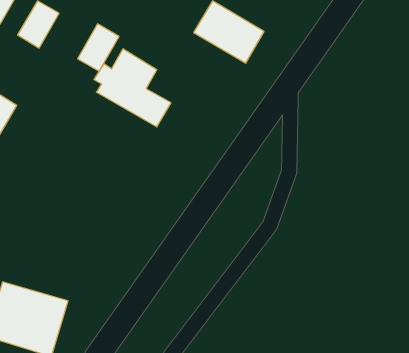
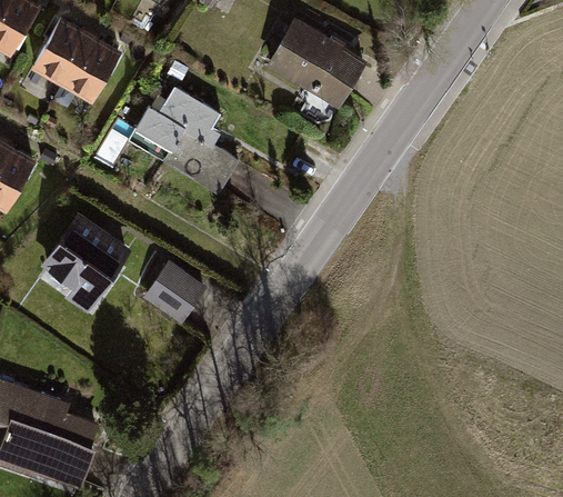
building: [78,24,119,71] -> [62,38,118,101]
building: none -> [37,213,127,312]
building: none -> [143,262,207,326]

